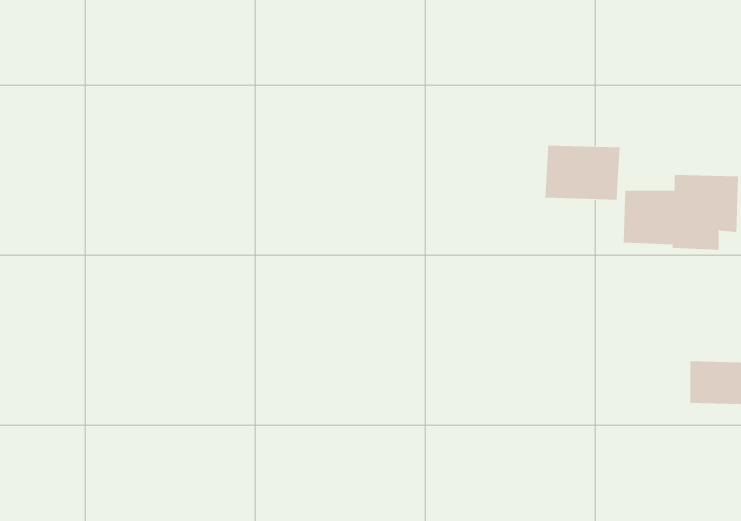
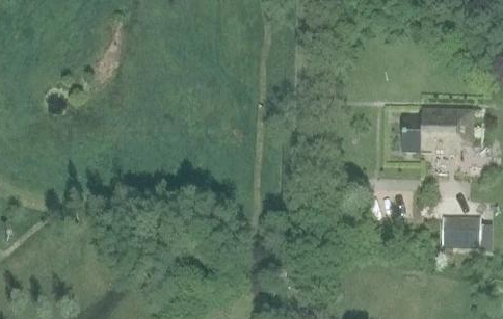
building: [545,145,620,200] -> none

